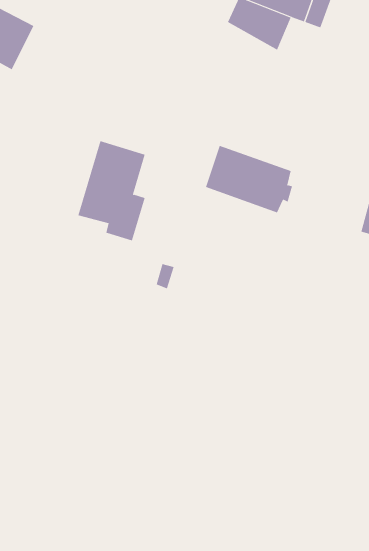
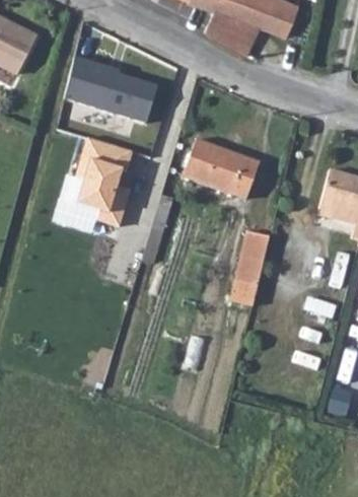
building: none -> [62,54,154,121]
building: none -> [232,229,271,306]

